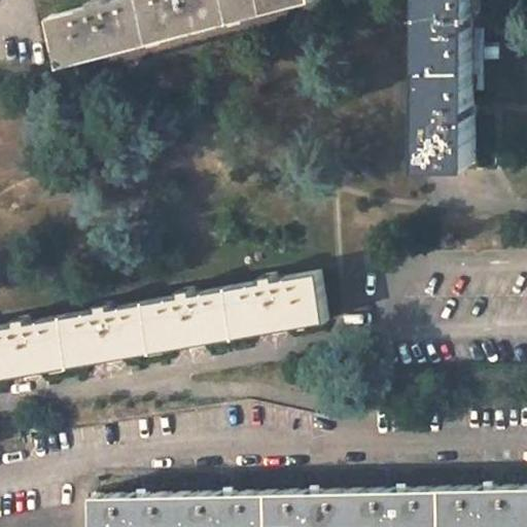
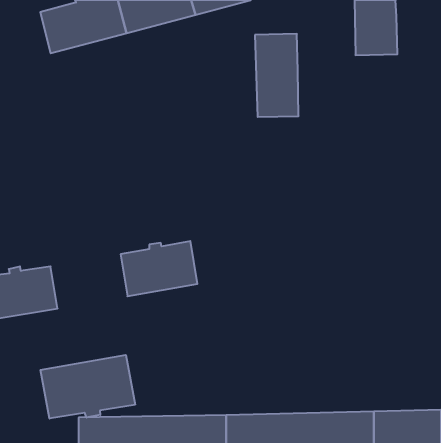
building: [419,68,470,166] -> [255,34,299,117]
building: [224,273,324,339] -> none
building: [60,304,150,367] -> none
building: none -> [41,355,135,419]

